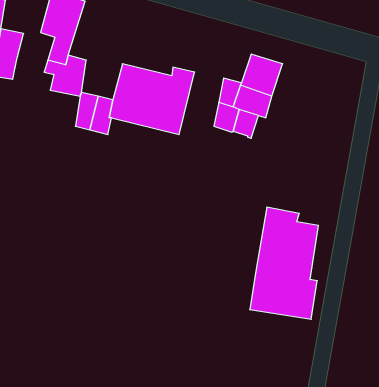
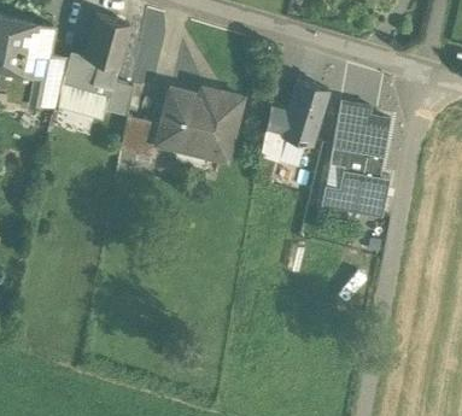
building: none -> [60,45,100,96]
building: [250,207,318,319] -> [322,101,391,213]

